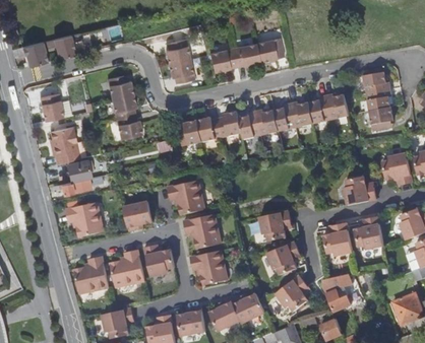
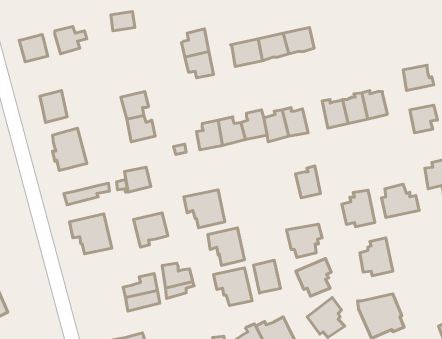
building: [106,74,131,98] -> none
building: [364,87,389,110] -> none
building: [271,101,294,130] -> [296,166,321,198]
building: [66,159,89,182] -> [125,167,151,192]
building: [353,217,382,250] -> [342,190,375,227]
building: none -> [253,260,280,293]
building: [72,256,109,294] -> none

